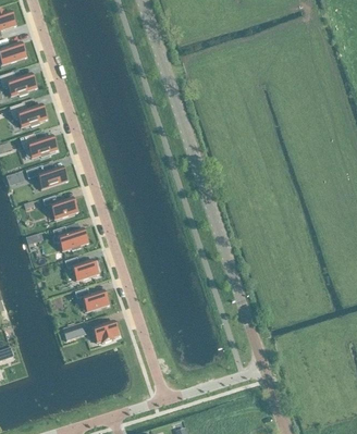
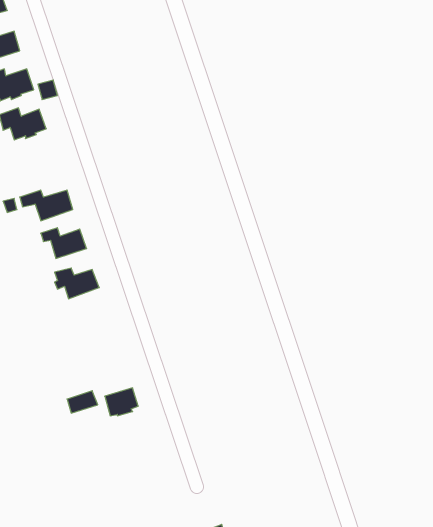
building: [20,133,58,158] -> none
building: [64,257,98,281] -> none
building: [75,287,109,311] -> none

